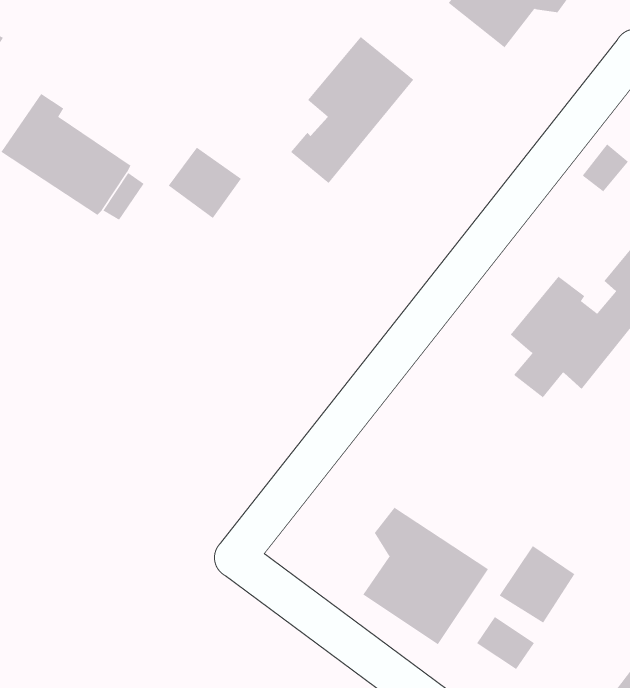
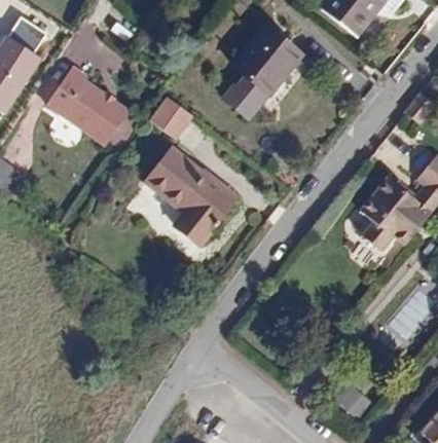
building: none -> [146,149,234,244]
building: [363,507,489,645] -> none
building: [499,545,575,624] -> none

